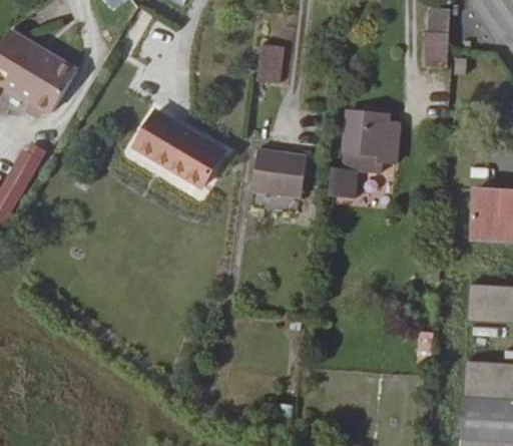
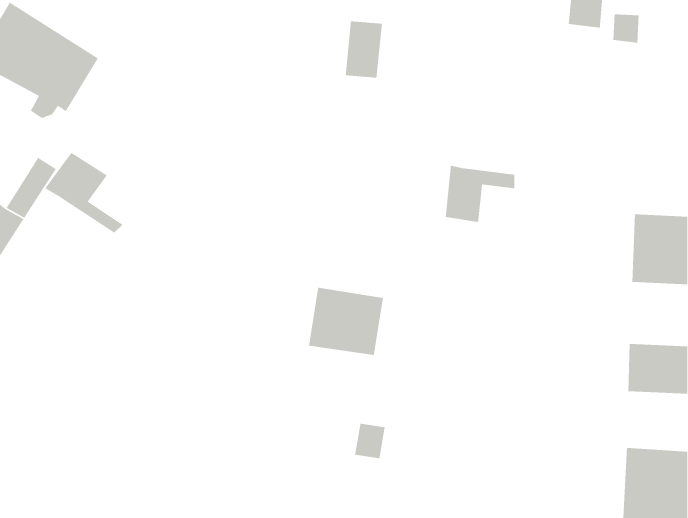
building: [137,110,224,184] -> none
building: [345,113,401,159] -> none
building: none -> [44,152,123,234]
building: [252,148,309,199] -> [308,287,384,356]

